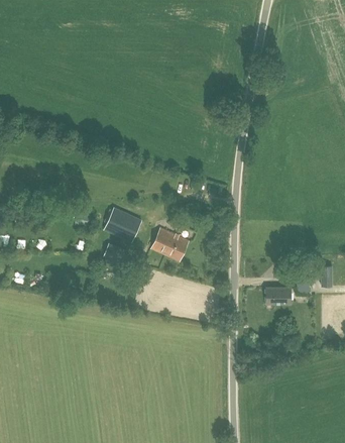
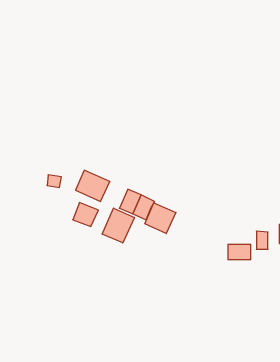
building: none -> [145,203,176,234]
building: none -> [102,208,134,243]

